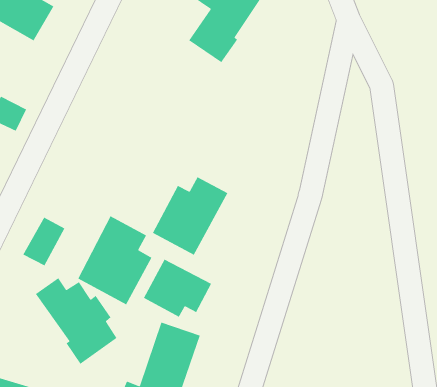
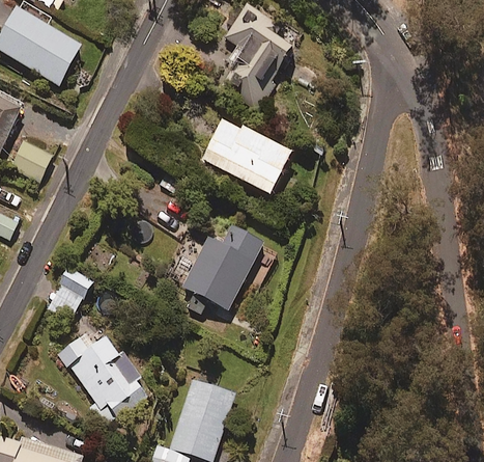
building: none -> [201,118,291,196]
building: [77,215,153,305] -> none
building: [143,259,212,318] -> none

